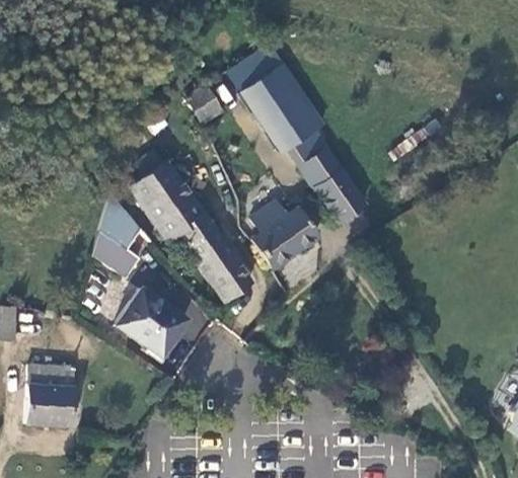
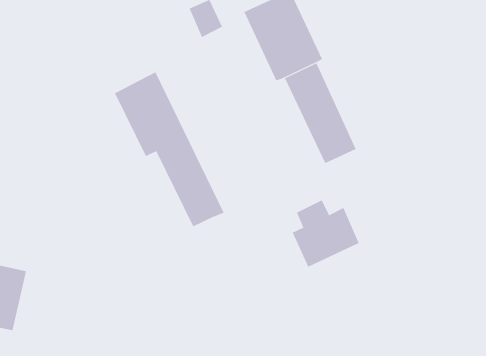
building: [93,188,143,278] -> none
building: [252,202,317,267] -> [292,199,360,268]
building: [117,287,188,355] -> none

